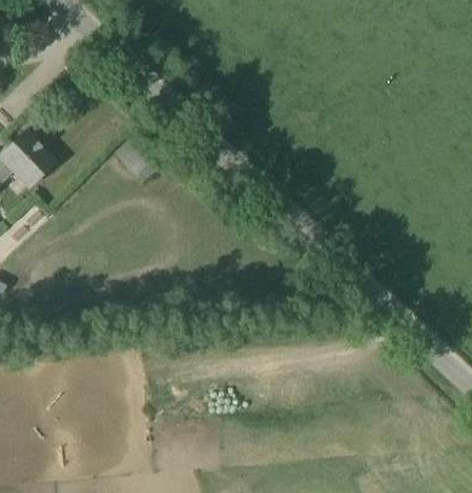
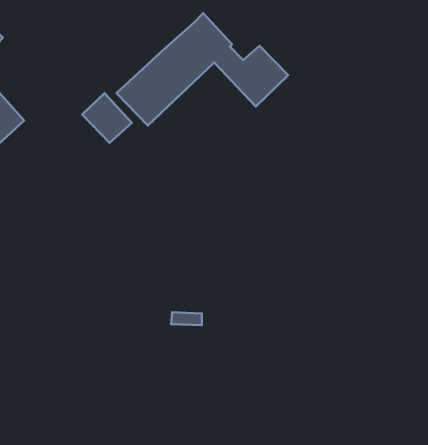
building: none -> [116,13,288,125]

